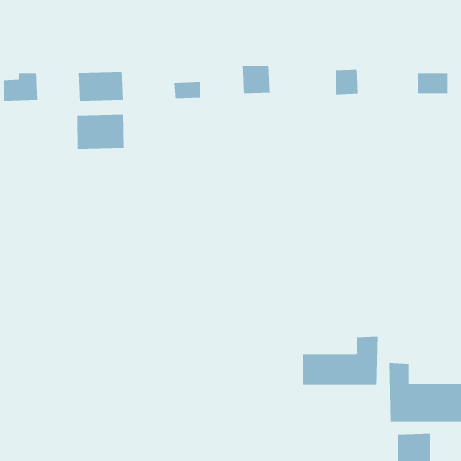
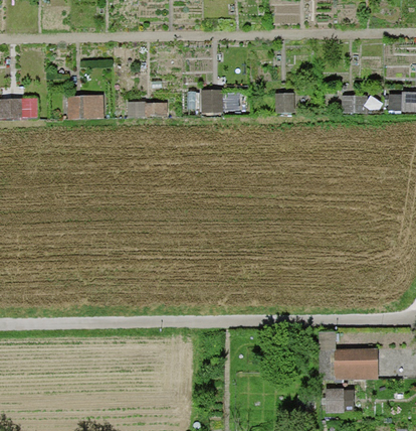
building: [77,114,124,150] -> none
building: [303,336,378,386] -> none

